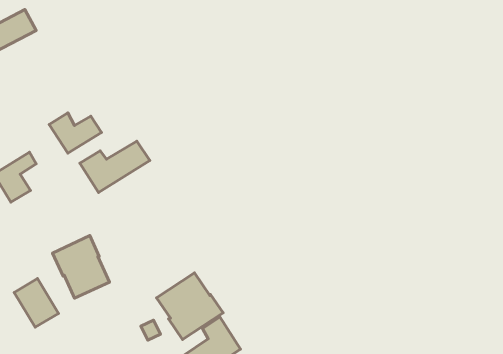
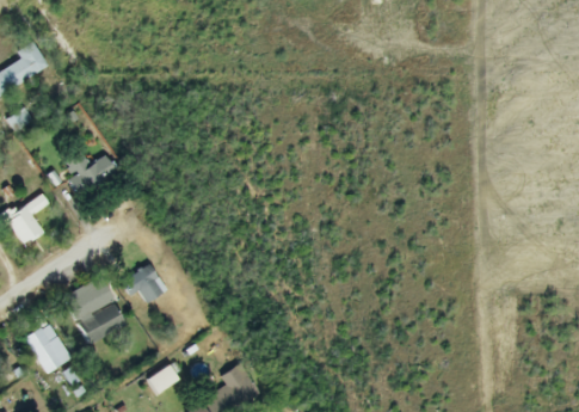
building: [80,141,150,192] -> none
building: none -> [123,264,165,300]
building: [156,273,223,339] -> none

